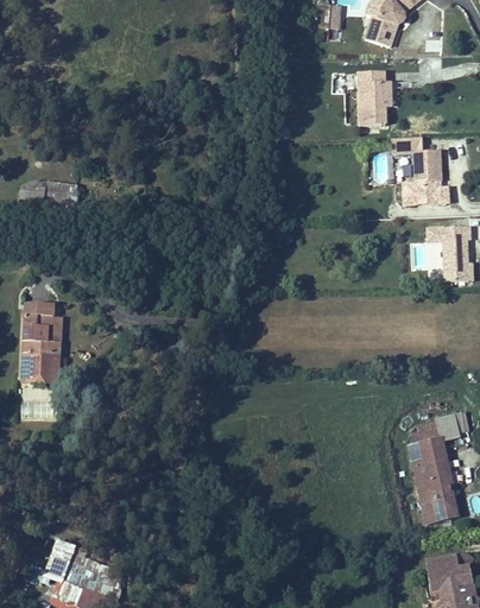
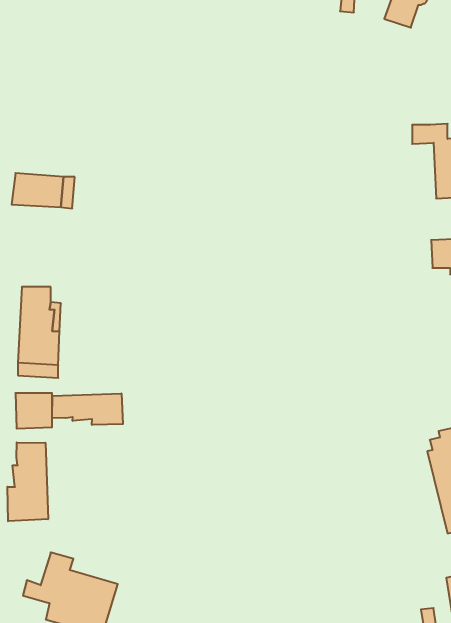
building: [360,70,392,126] -> none
building: none -> [52,393,123,425]
building: none -> [7,442,48,521]

